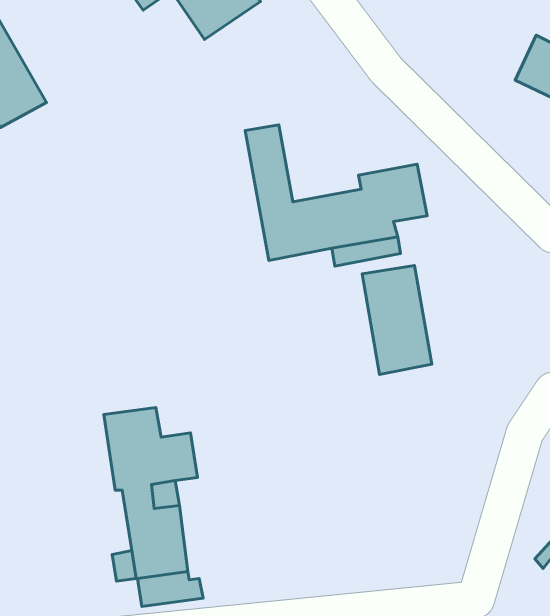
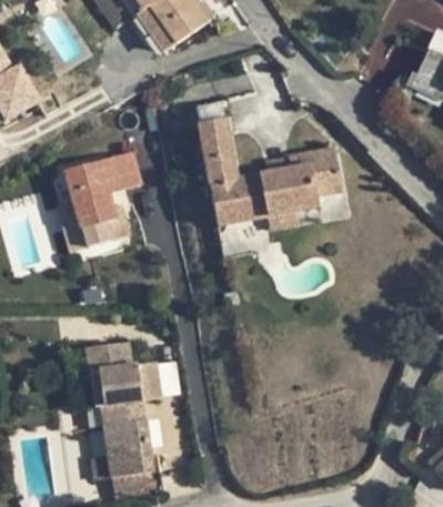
building: none -> [63,150,141,246]
building: [362,265,432,374] -> none

